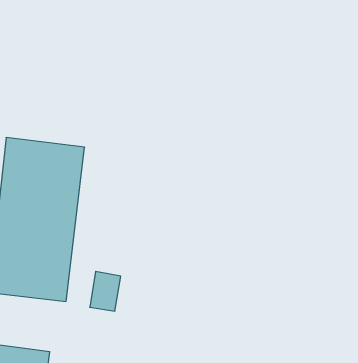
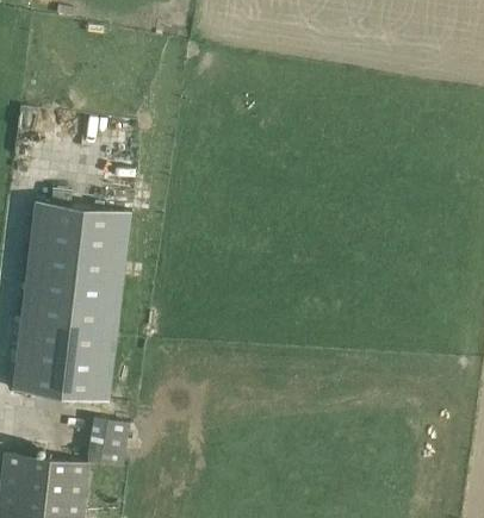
building: [90,271,121,311] -> [91,420,129,469]

